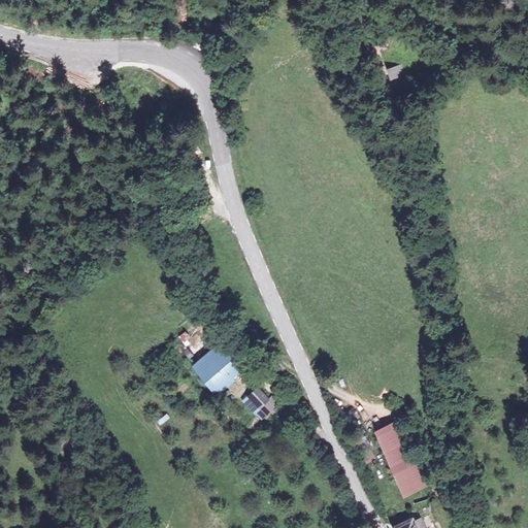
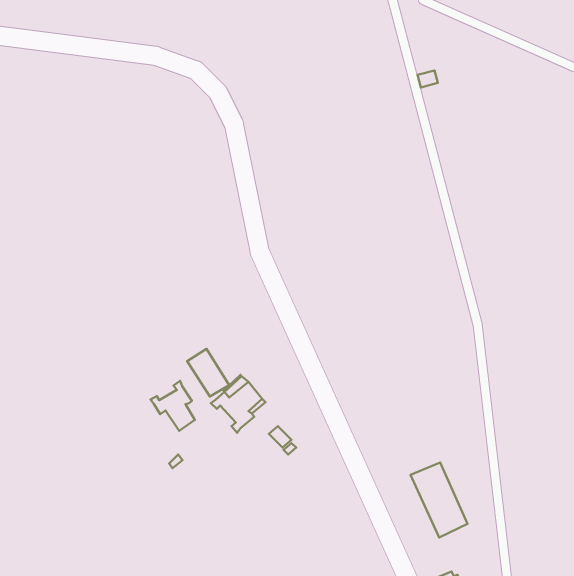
building: none -> [151,381,195,431]

